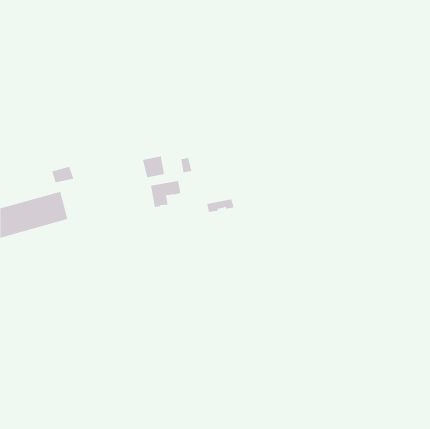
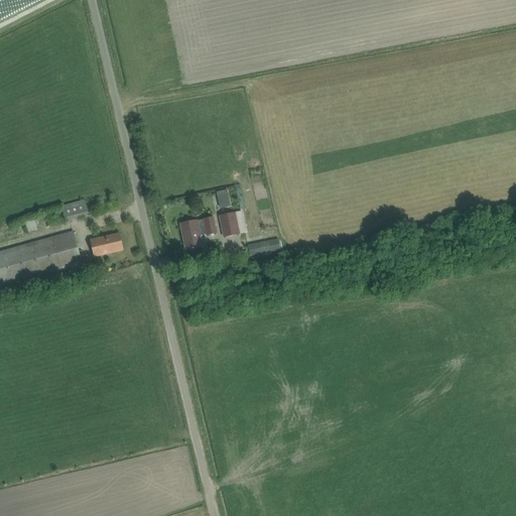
building: [142,156,165,178] -> [218,209,245,235]
building: none -> [90,232,122,256]

